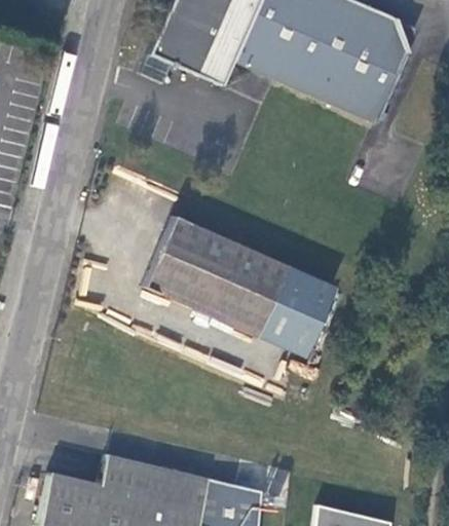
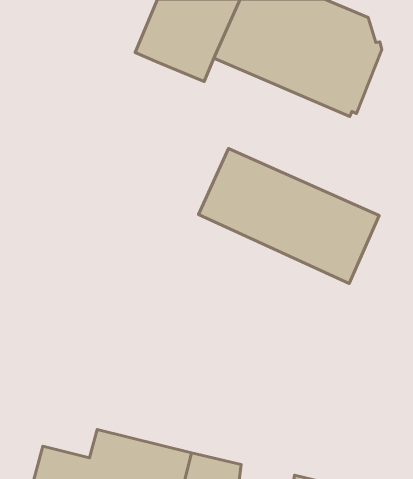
building: [143,218,334,361] -> [199,149,379,284]

